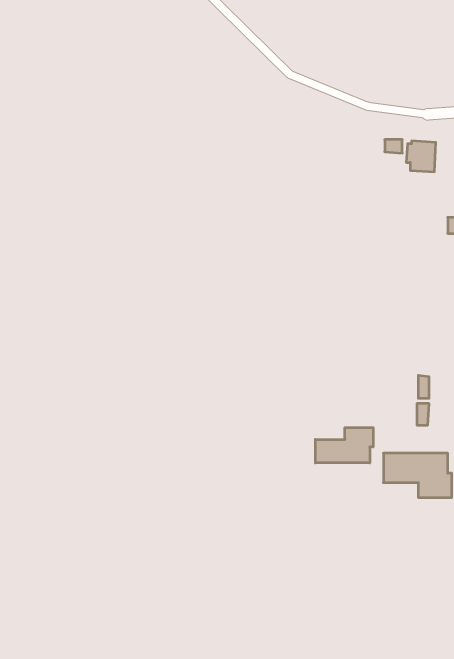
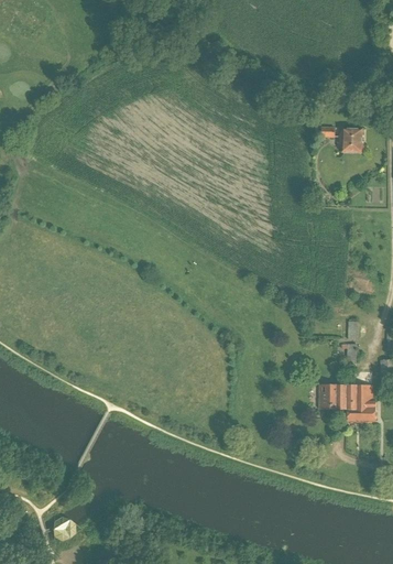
building: [315,428,373,463] -> none

